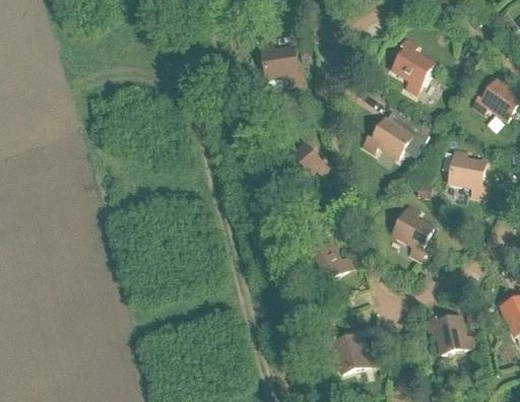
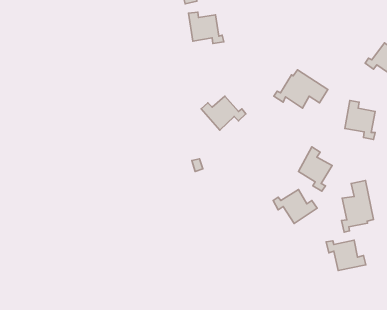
building: [392,38,434,91] -> none
building: [300,243,352,283] -> [273,189,317,223]
building: none -> [342,181,374,232]
building: [326,334,375,372] -> none

